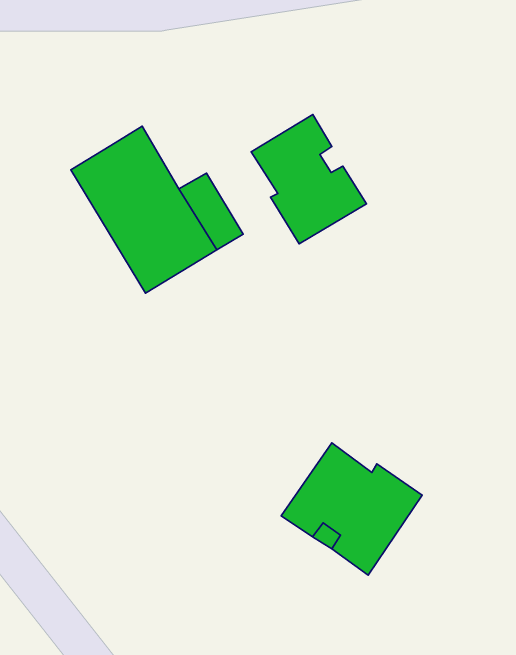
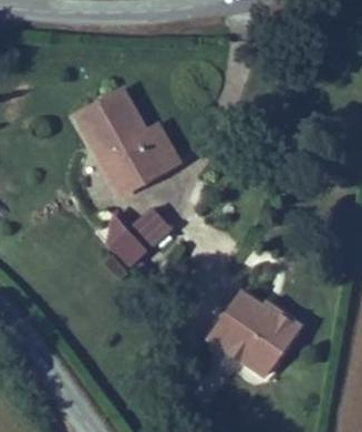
building: [251,114,366,244] -> none
building: none -> [99,204,177,266]

